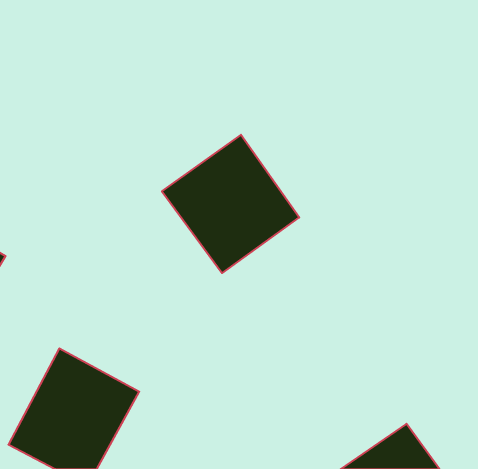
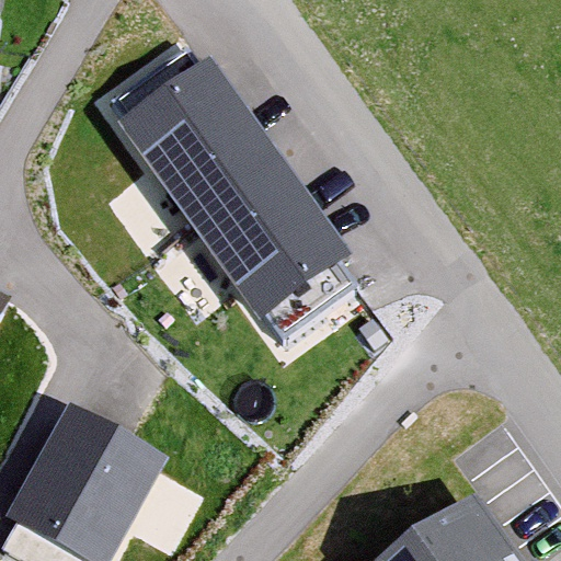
building: none -> [116,56,280,222]

